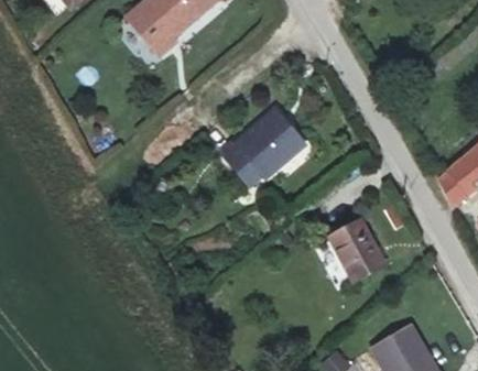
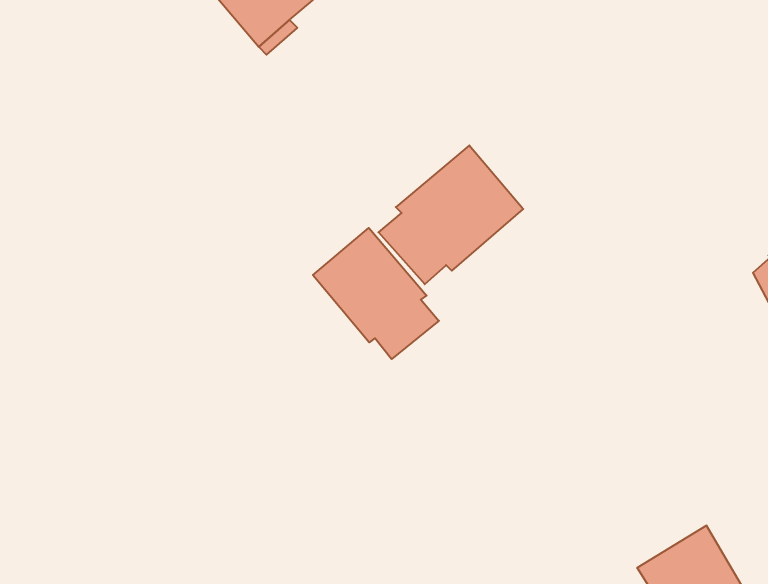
building: none -> [313,228,439,359]
building: [329,219,384,281] -> none

